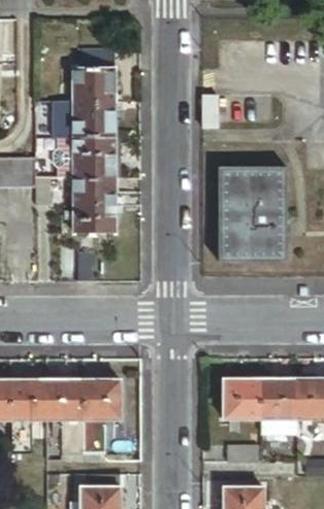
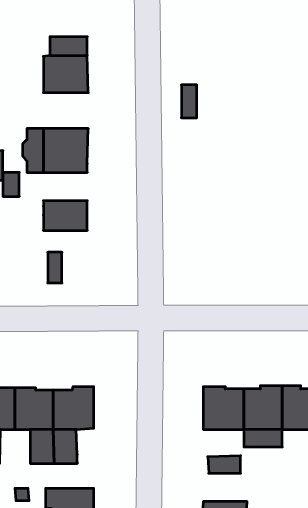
building: [73,102,116,136] -> none
building: [218,165,287,259] -> none
building: [73,177,115,204] -> none

